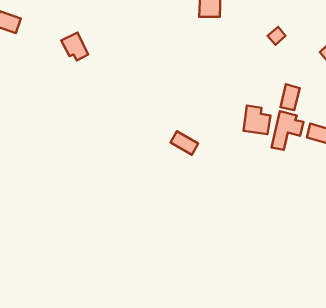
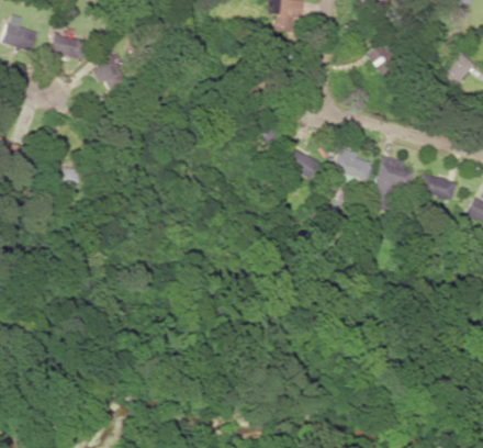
building: none -> [50,32,88,59]
building: [280,84,300,110] -> none
building: [170,131,198,155] -> [281,145,318,177]

